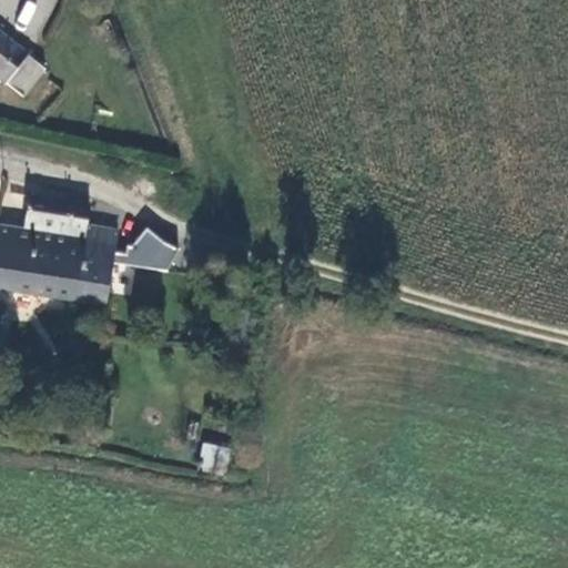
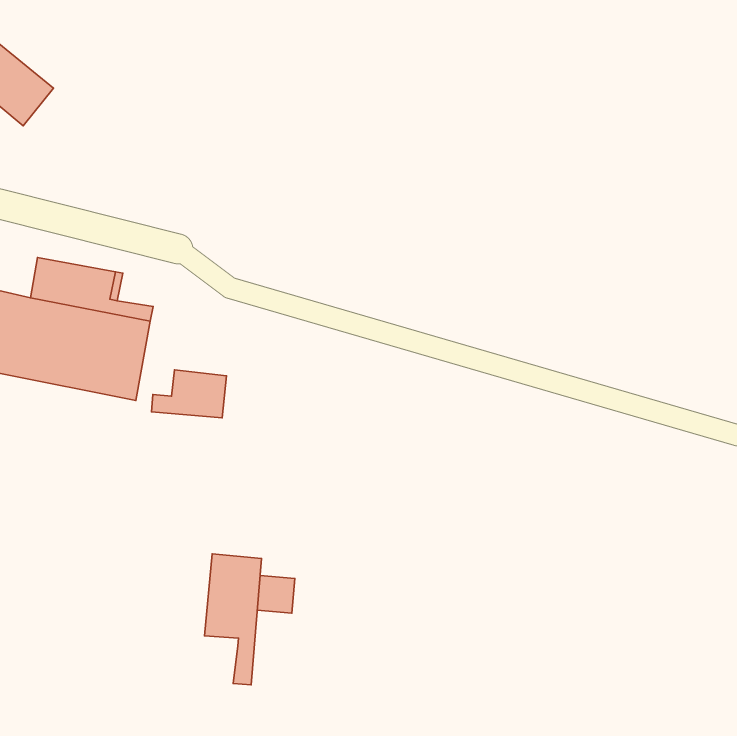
building: [115,231,173,267] -> [151,370,227,418]
building: none -> [205,554,262,685]

